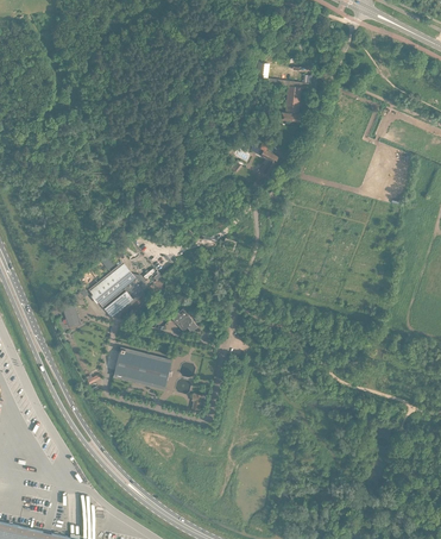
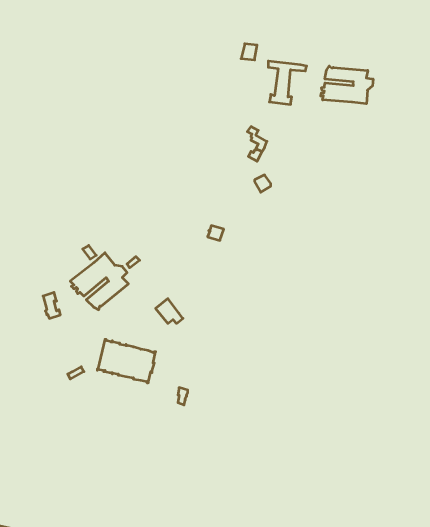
building: none -> [321,66,373,104]

